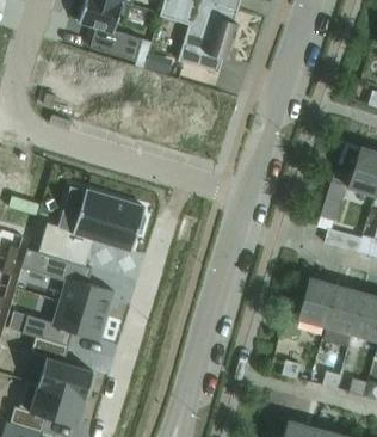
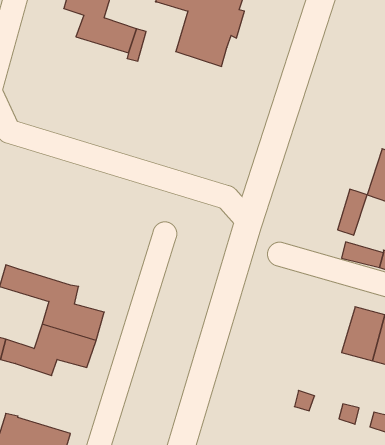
building: [38,189,147,266] -> none
building: [297,277,336,326] -> none
building: [31,336,93,398] -> none

